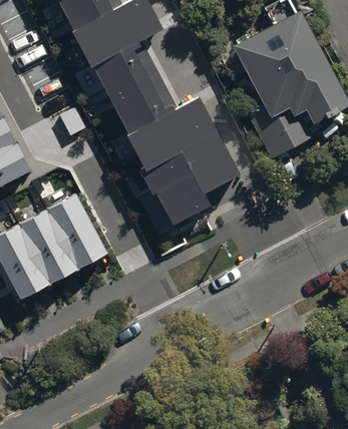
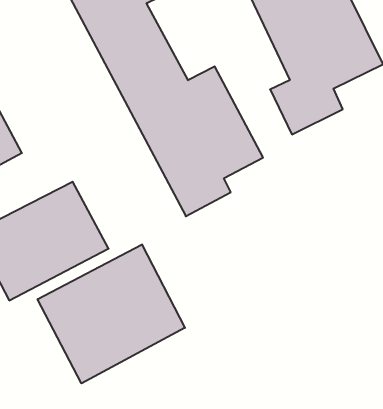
building: none -> [38,244,185,383]

